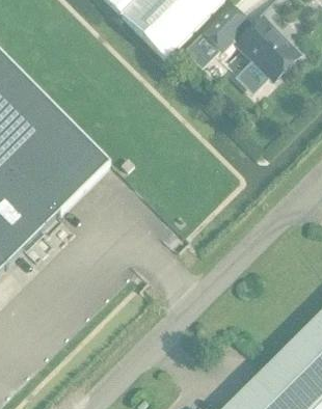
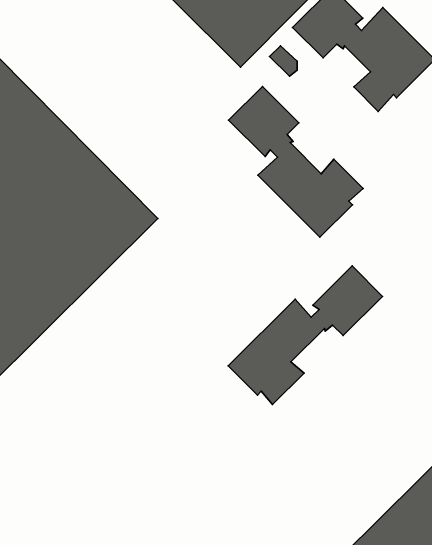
building: none -> [229,86,363,237]
building: none -> [228,266,383,404]

